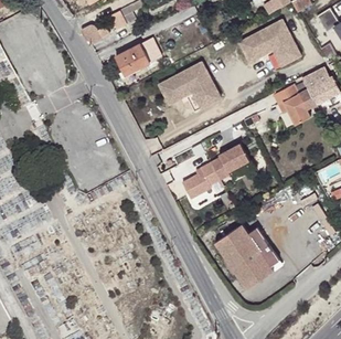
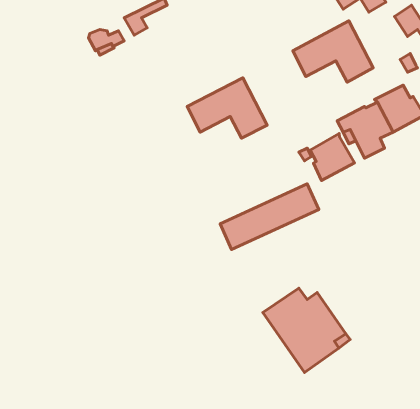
building: [116,38,161,75] -> none
building: none -> [310,133,354,181]

